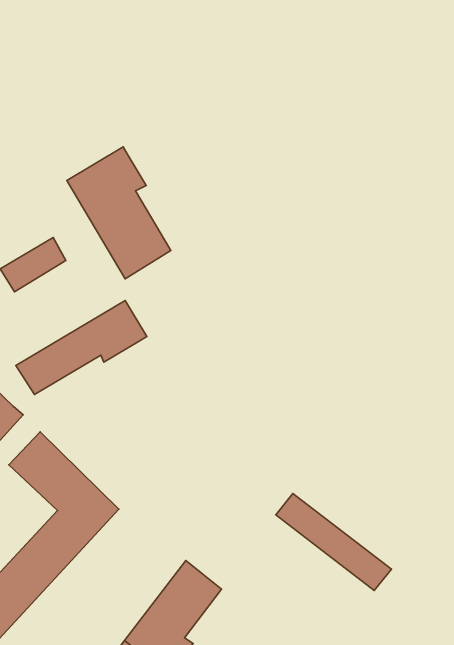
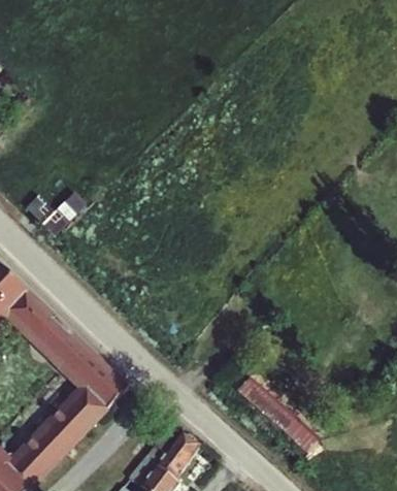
building: [67,147,171,279] -> none
building: [16,301,147,394] -> none

